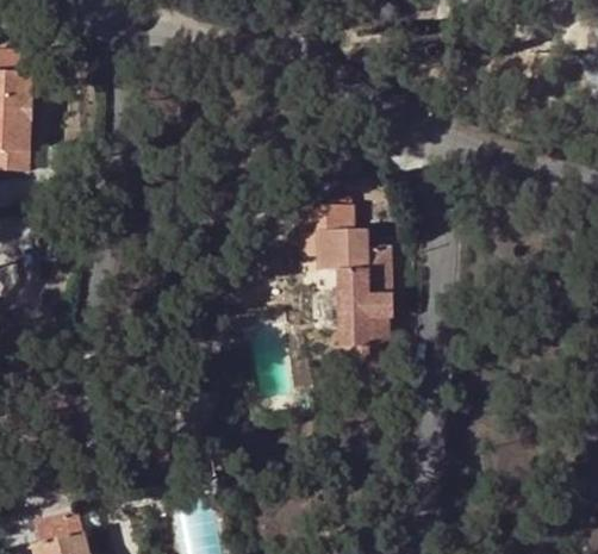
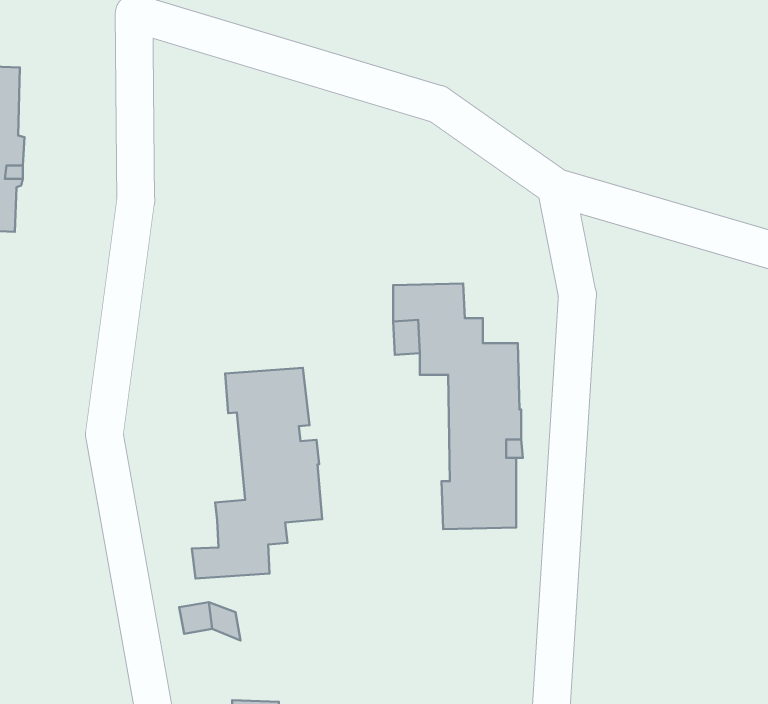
building: none -> [192,368,322,579]

